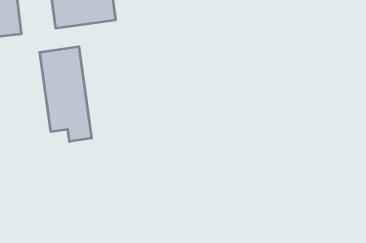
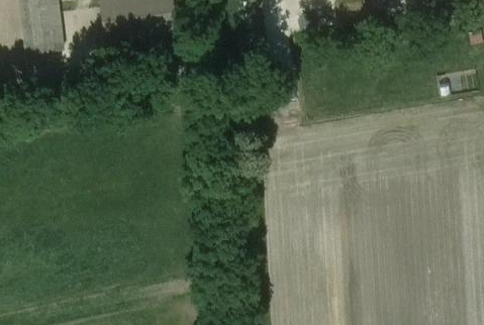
building: [40,47,92,142] -> none

